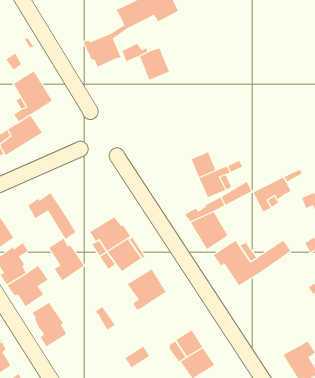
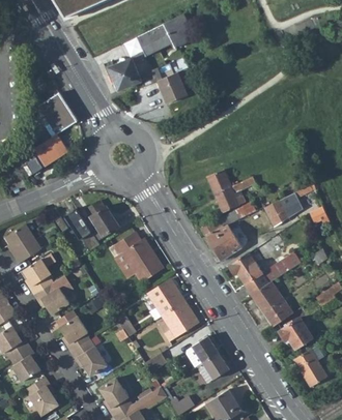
building: [48,238,85,281] -> [84,200,118,240]
building: none -> [251,281,292,326]
building: none -> [160,300,198,340]
building: none -> [278,318,312,349]
building: none -> [70,339,106,370]

